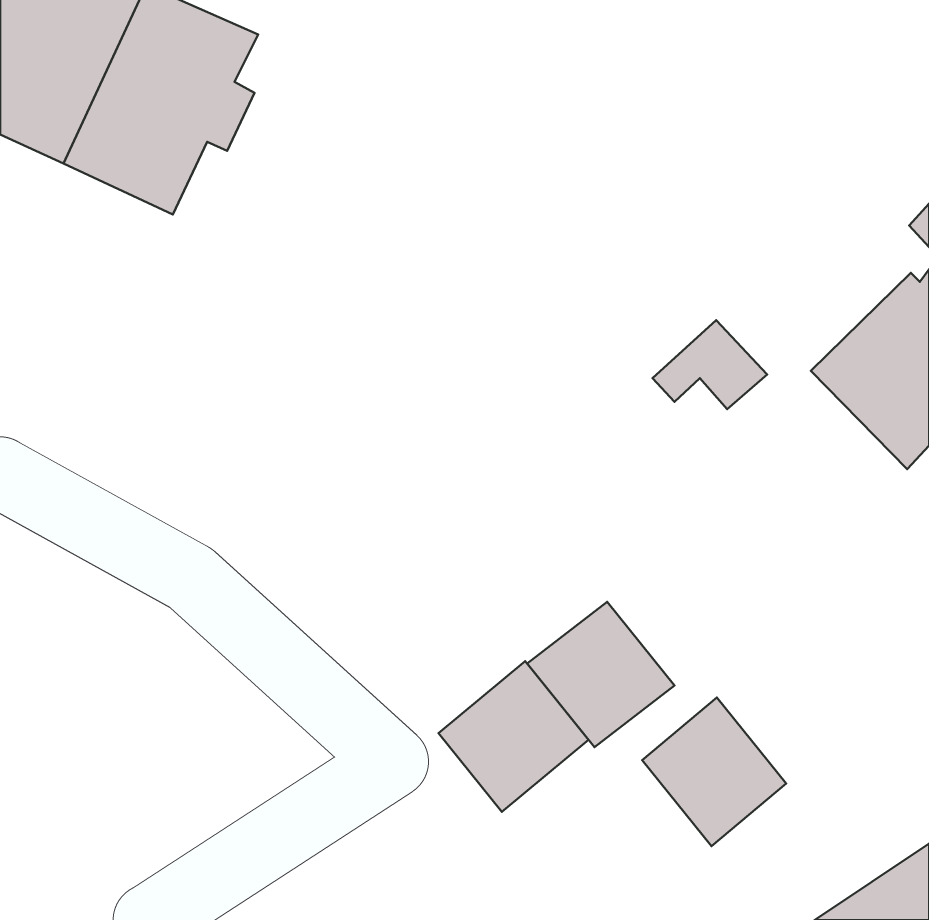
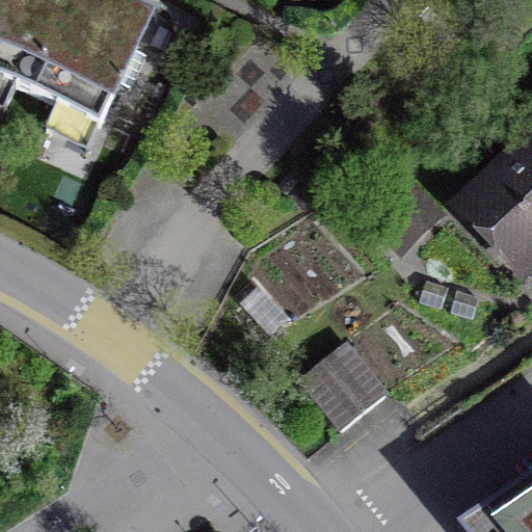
building: [439,661,589,812] -> none
building: [642,698,786,846] -> none

